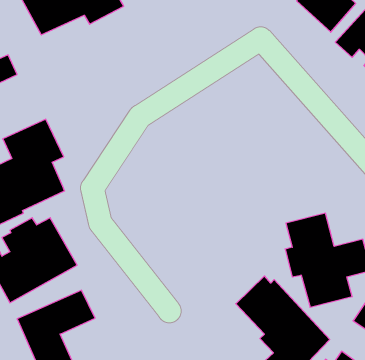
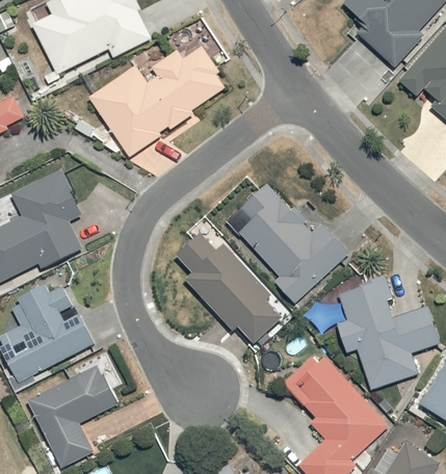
building: none -> [87,45,230,158]
building: none -> [237,184,351,305]
building: none -> [176,213,284,340]

